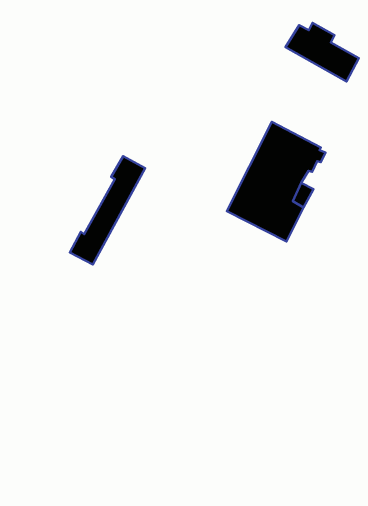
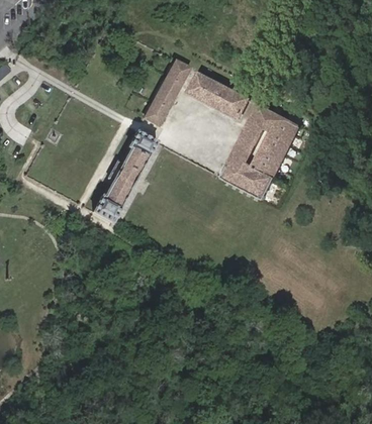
building: [286,23,359,81] -> [187,72,248,120]
building: none -> [142,59,191,125]

